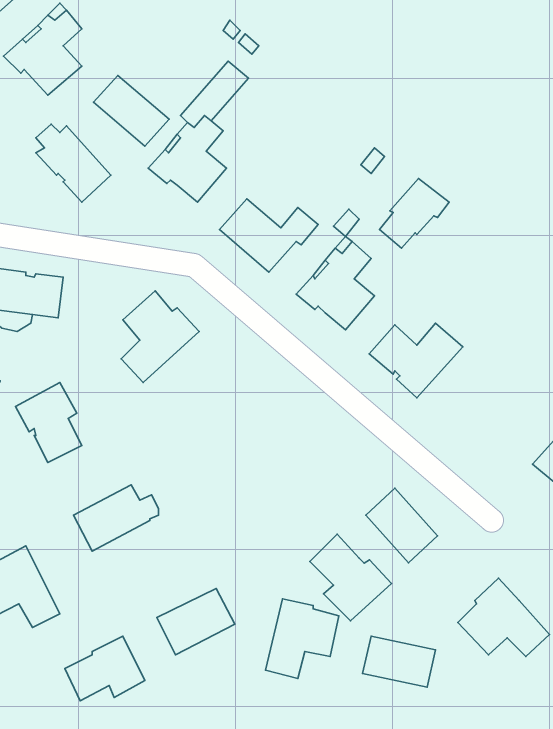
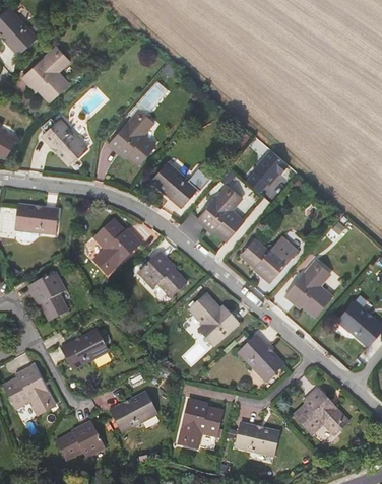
building: [94,76,169,146] -> none
building: none -> [135,251,183,294]
building: none -> [284,259,331,314]
building: [310,534,391,621] -> [189,292,238,344]

